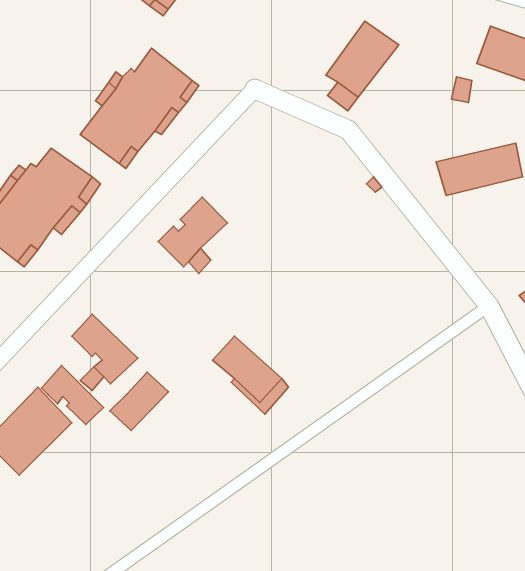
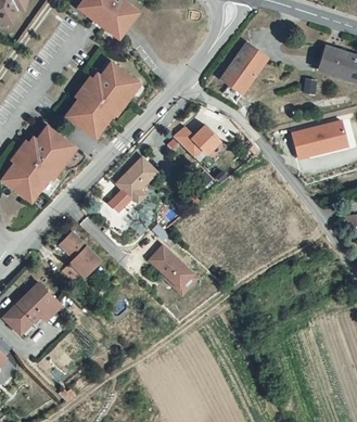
building: none -> [171,124,218,155]
building: [41,366,104,424] -> none
building: [110,372,168,431] -> none

